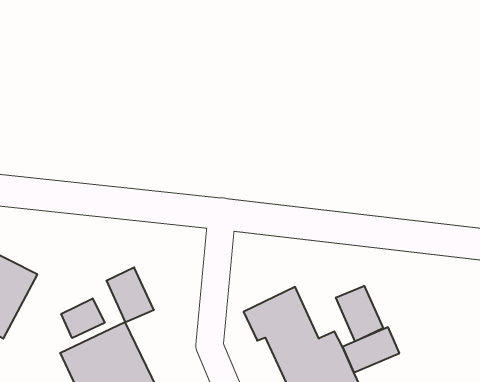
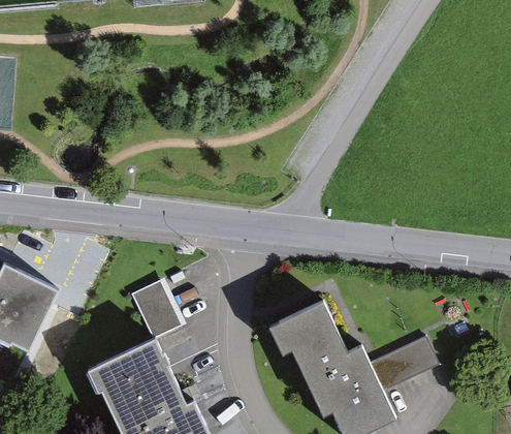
building: [336,286,383,341] -> none
building: [61,298,105,338] -> none

